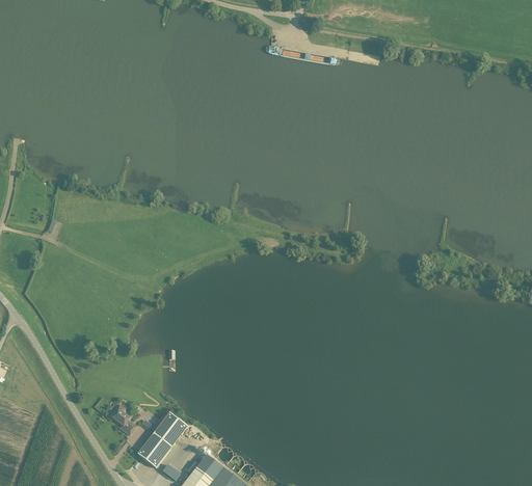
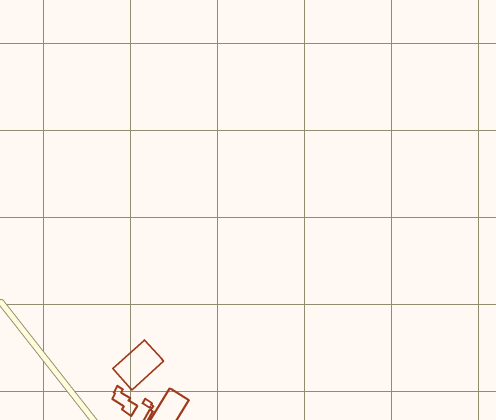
building: none -> [113,340,163,390]

